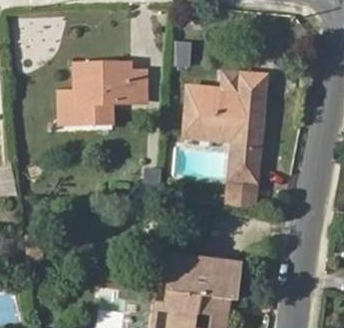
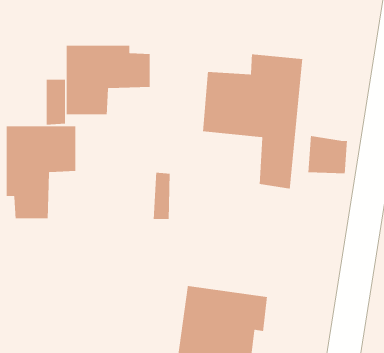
building: none -> [6,125,76,219]
building: [230,176,262,207] -> [308,135,348,174]

